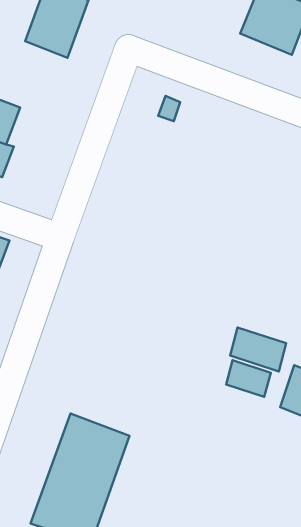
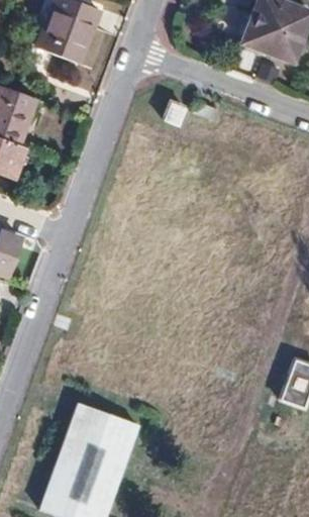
building: [230,327,286,371] -> none
building: [226,360,271,397] -> none

